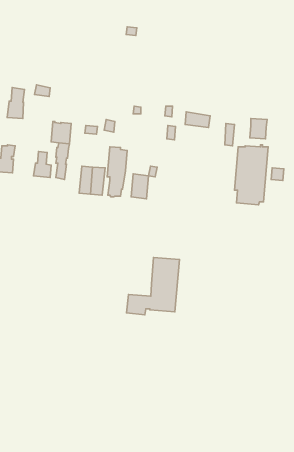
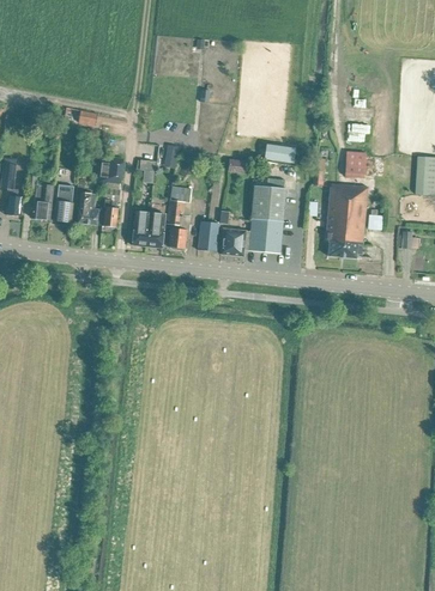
building: [7,88,25,119] -> [53,184,74,223]
building: [127,258,180,315] -> [220,185,286,256]

